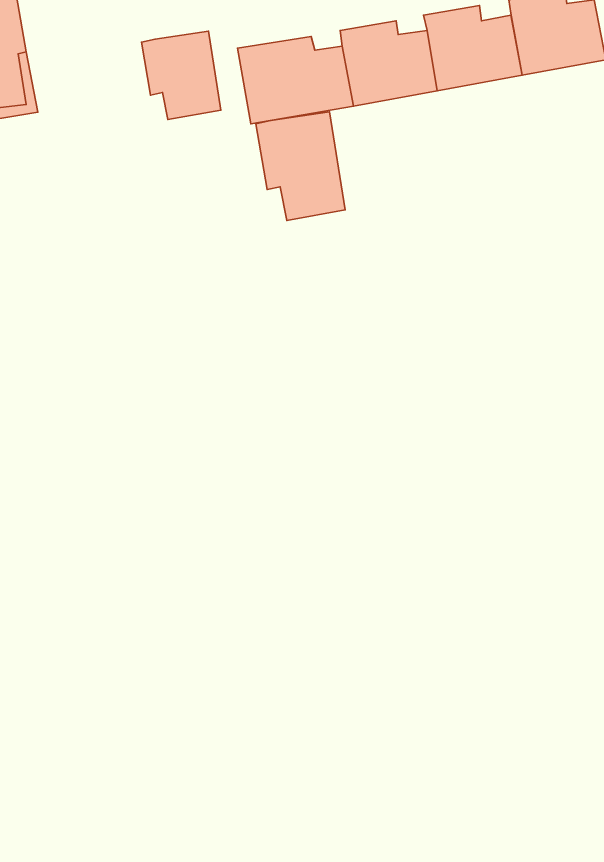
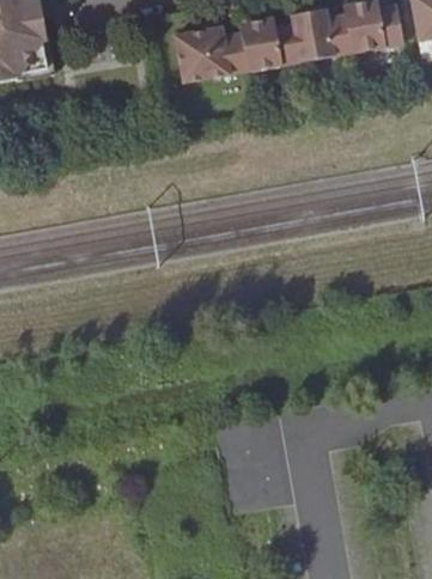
building: [141,31,221,120] -> none
building: [256,112,345,220] -> none

